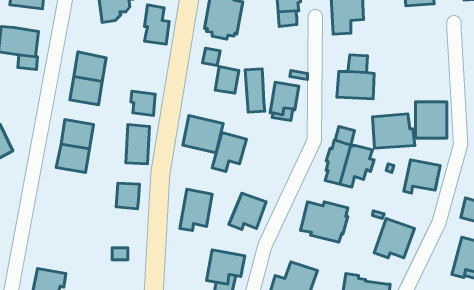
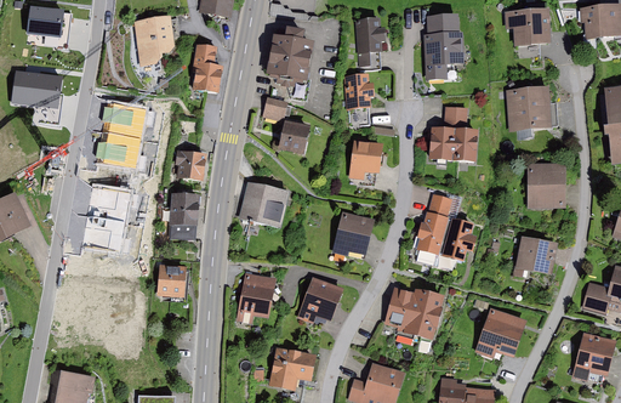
building: [245,69,265,112] -> [347,74,371,127]
building: [372,114,415,148] -> [506,85,558,127]
building: [212,132,246,172] -> [327,217,370,266]

